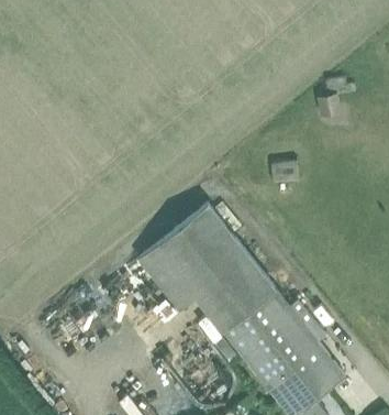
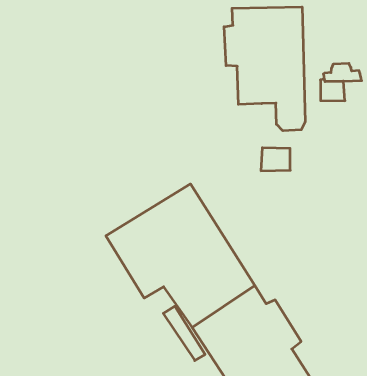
building: none -> [224,7,305,131]

